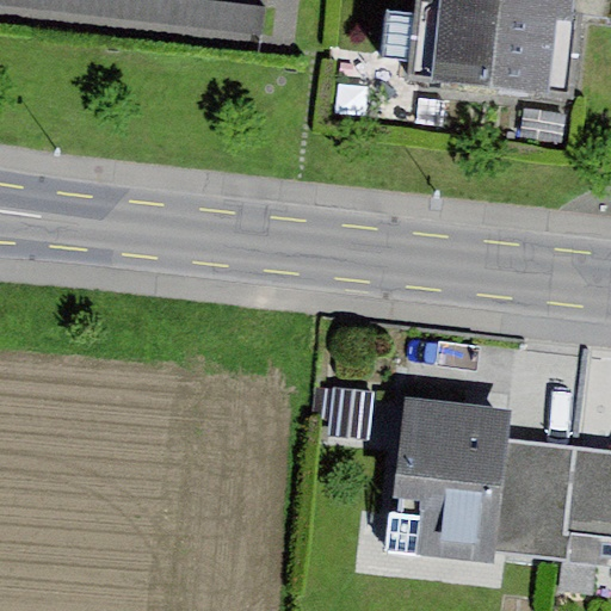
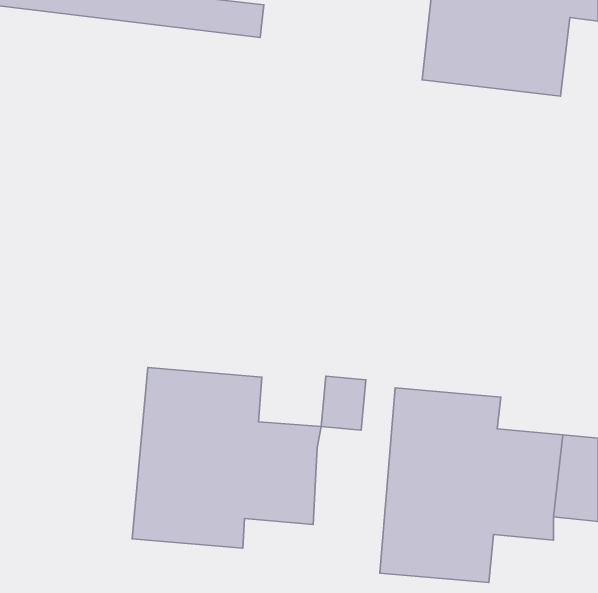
building: none -> [132,367,321,548]

